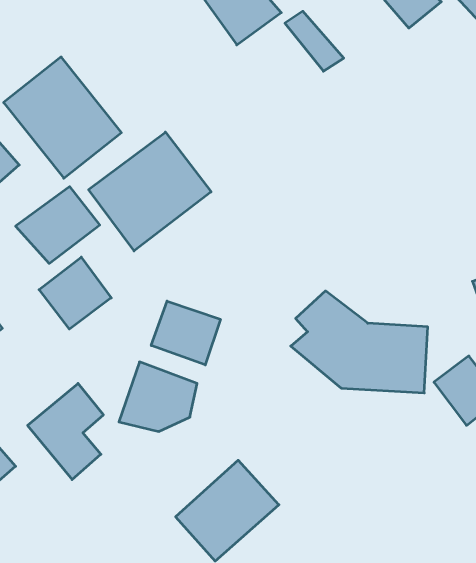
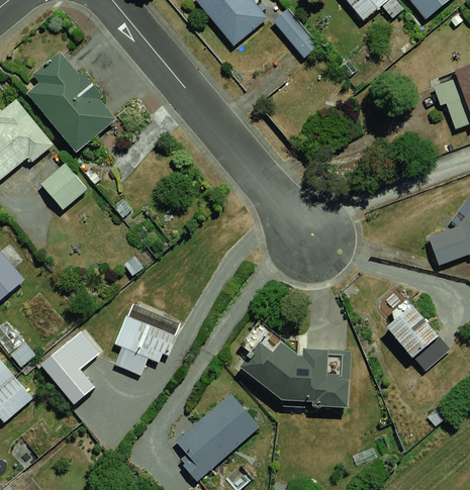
building: [89,132,211,251] -> none
building: [39,257,111,329] -> none
building: [291,291,428,393] -> [229,321,345,407]
building: [151,301,220,365] -> none

